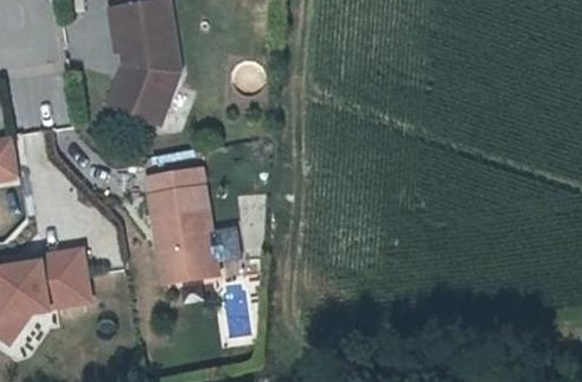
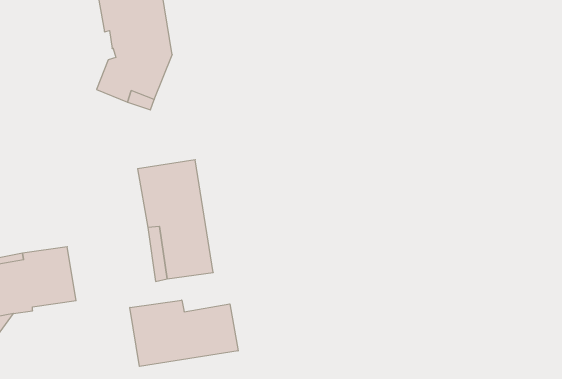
building: none -> [130,300,238,366]

